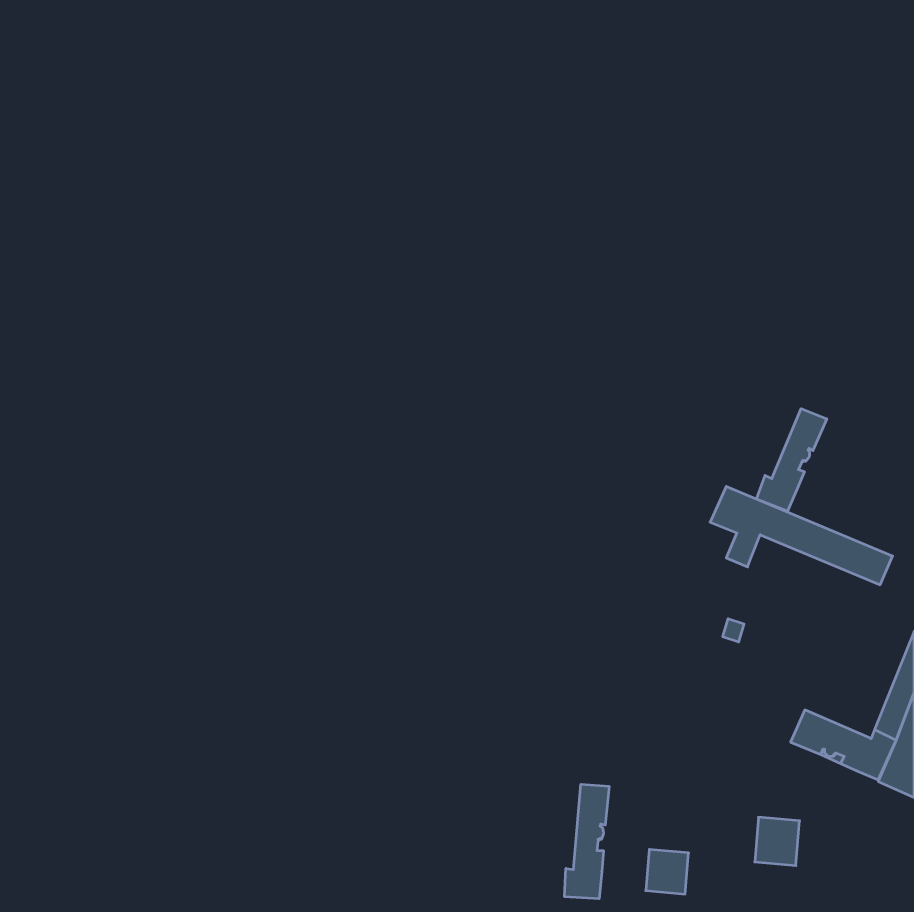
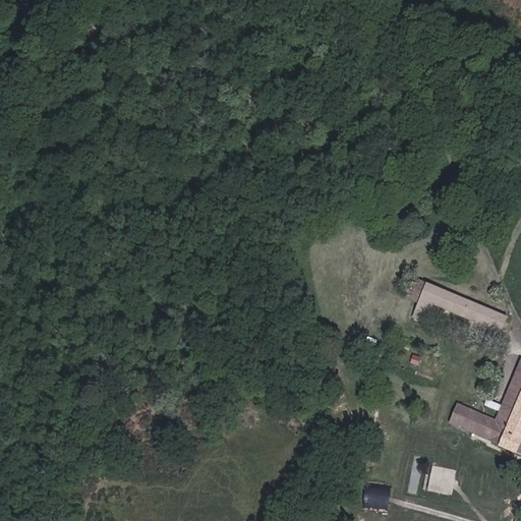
building: [756,409,827,511] -> none
building: [565,784,609,899] -> none

